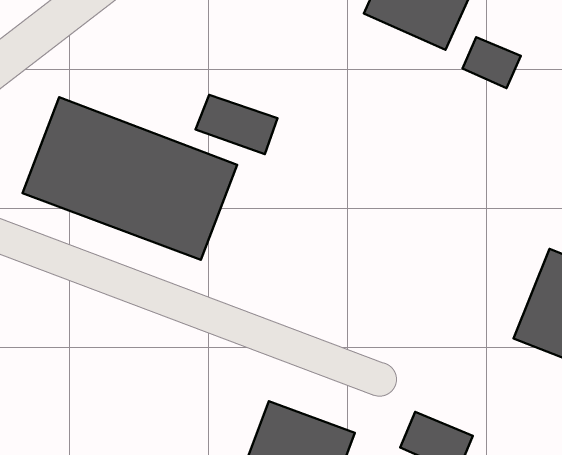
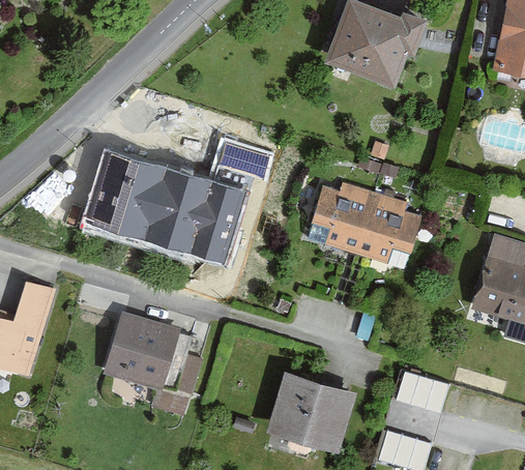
building: [462,37,521,88] -> none
building: none -> [308,185,428,262]
building: none -> [103,316,178,394]

